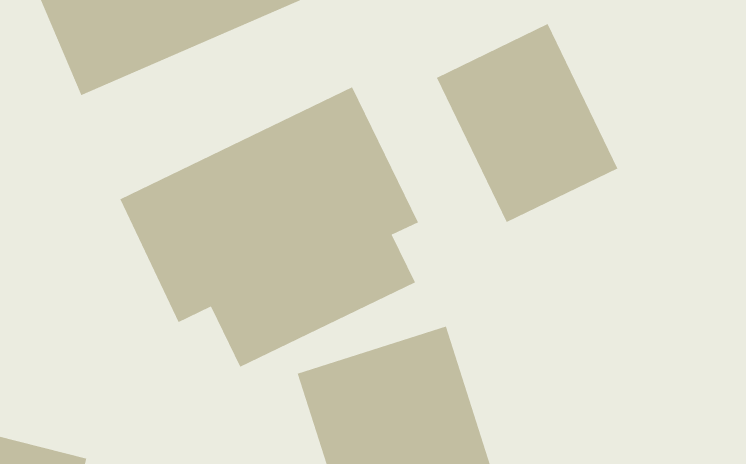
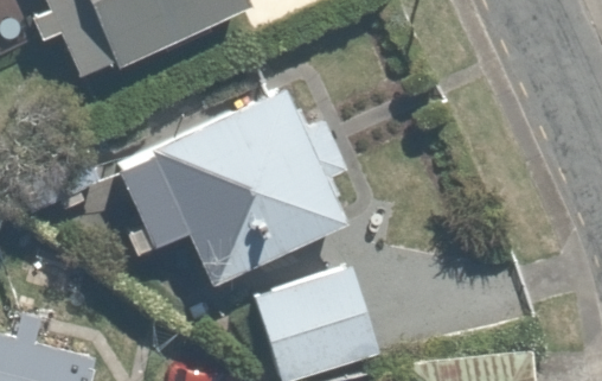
building: [436,23,618,223] -> none

